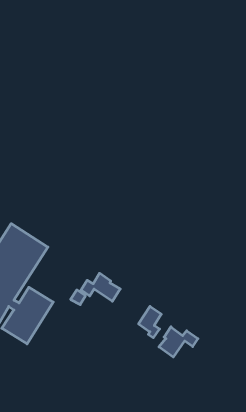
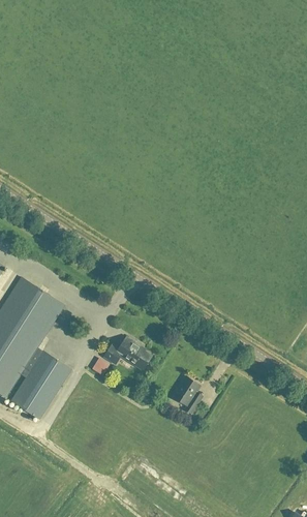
building: [159,327,198,357] -> none

